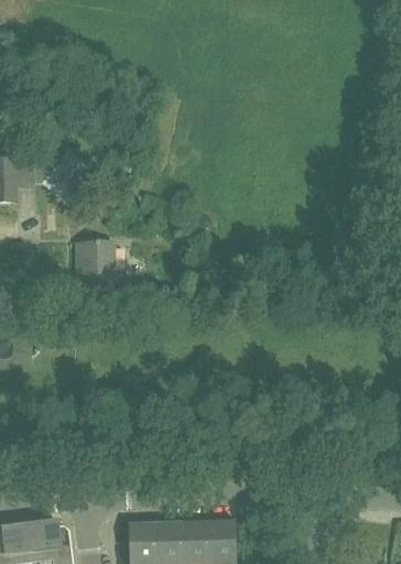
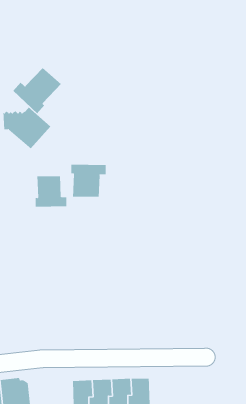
building: none -> [13,67,62,114]
building: none -> [71,164,106,198]

